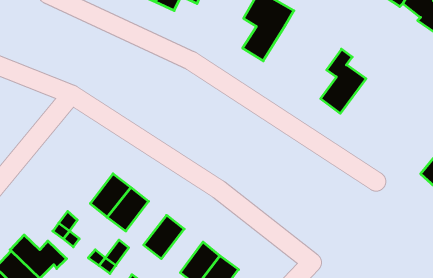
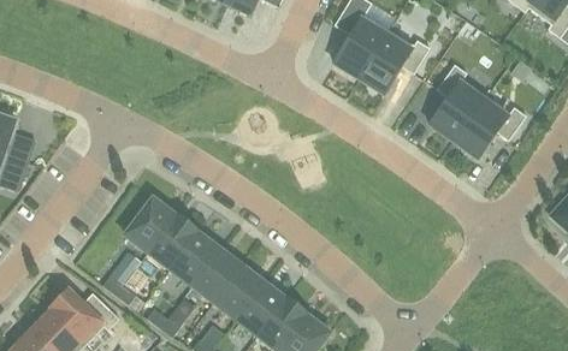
building: none -> [359,34,430,94]
building: none -> [454,99,526,157]
building: none -> [125,197,176,250]
building: none -> [191,248,241,301]
building: none -> [235,281,285,334]

